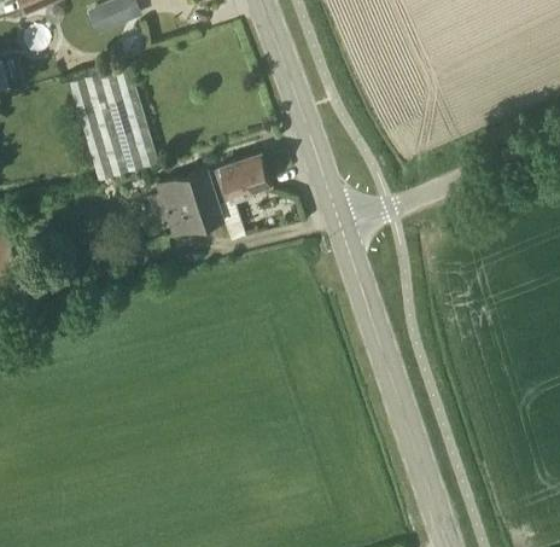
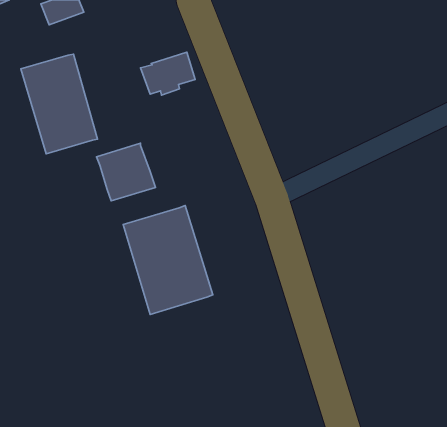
building: [205,153,268,203] -> [141,52,195,95]
building: none -> [123,205,213,315]

